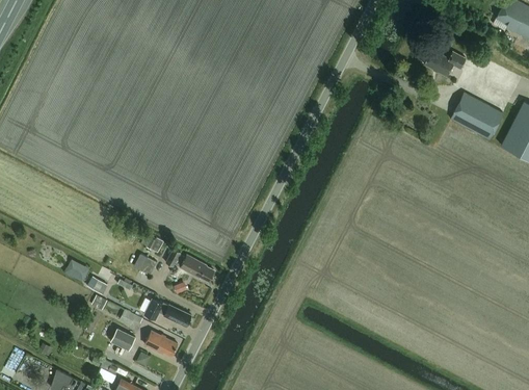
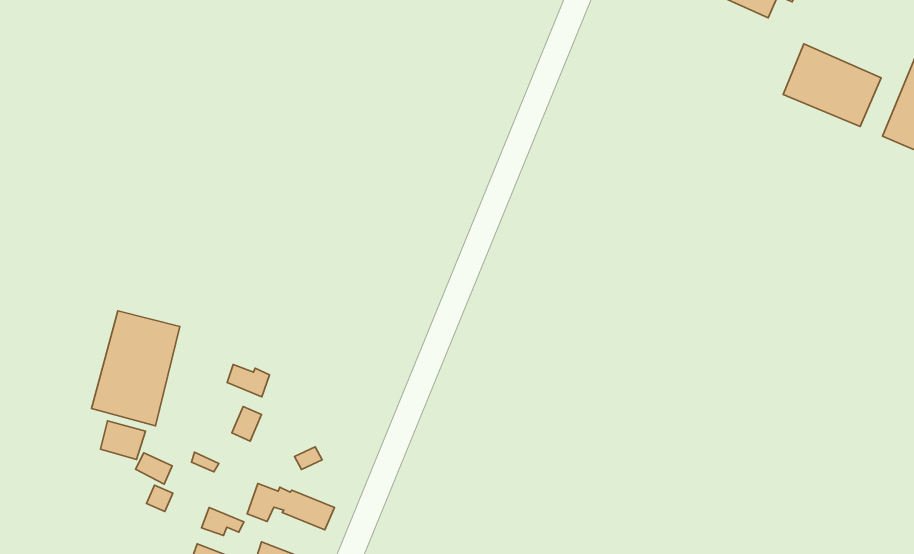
building: none -> [92,311,180,426]
building: [165,249,214,281] -> none

